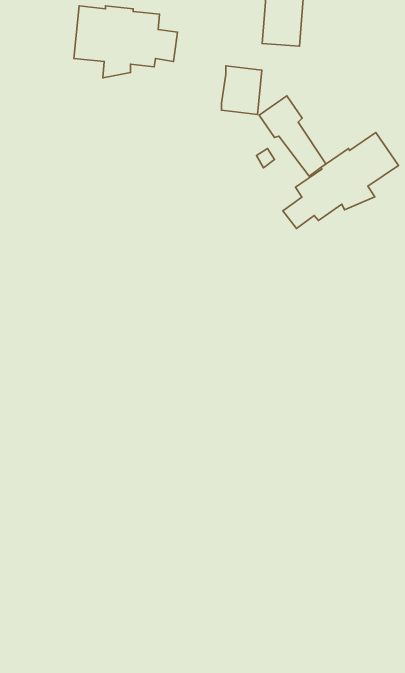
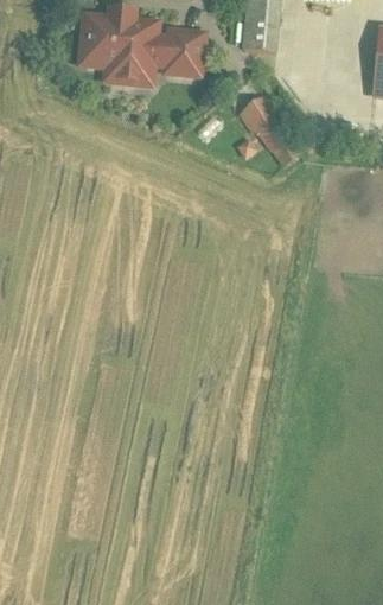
building: [222,66,262,114] -> [166,33,200,75]
building: [283,132,398,228] -> none

